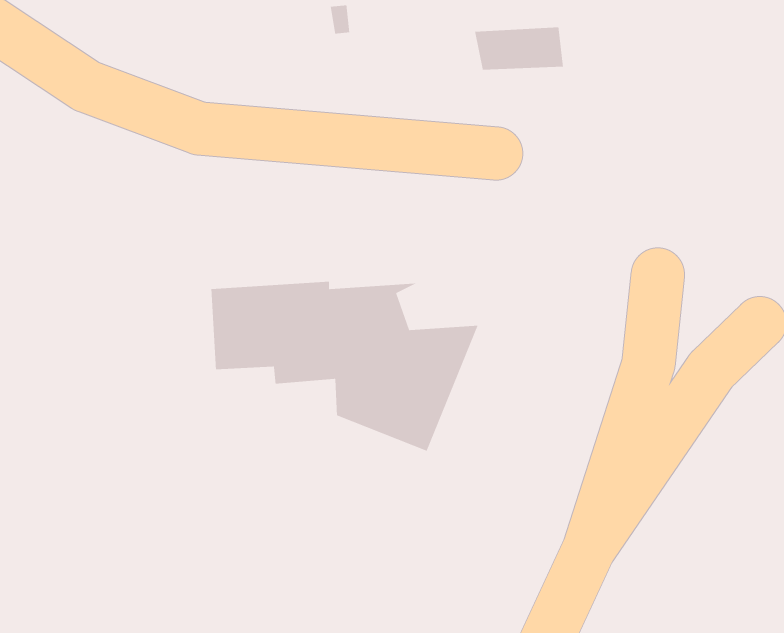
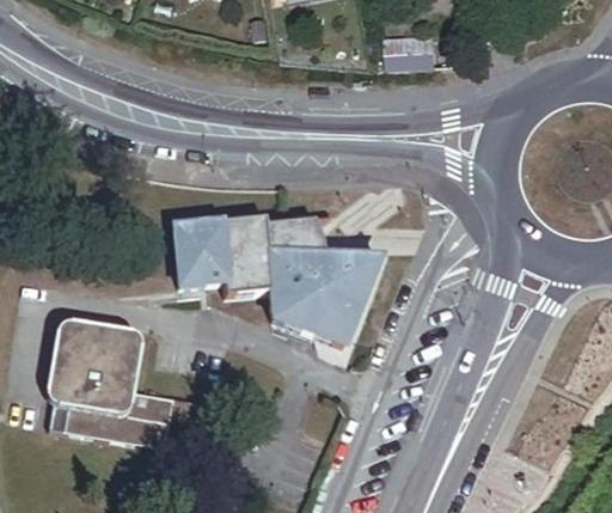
building: none -> [51,318,179,445]

